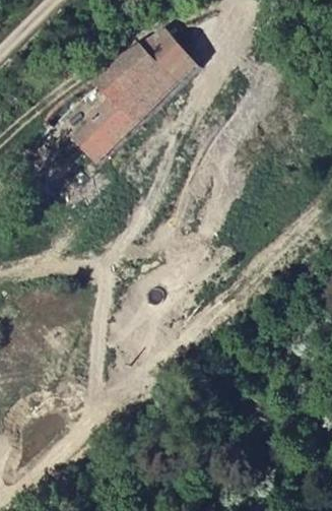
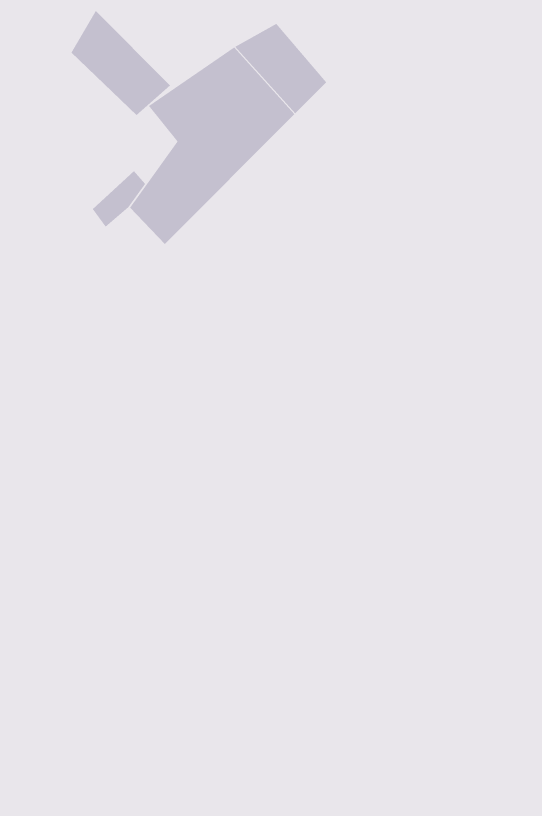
building: none -> [71,10,171,116]

